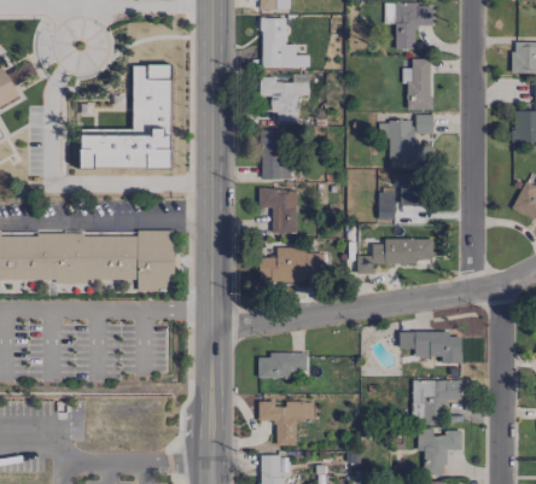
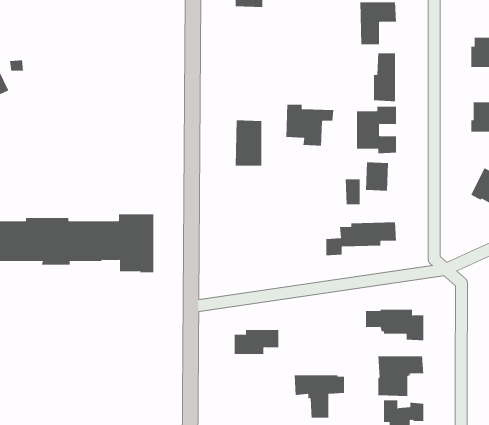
building: [261,18,308,66] -> none
building: [81,65,170,168] -> none
building: [257,77,309,122] -> [285,104,334,146]
building: [257,188,296,233] -> none
building: [258,249,322,282] -> none
building: [258,401,313,447] -> [294,375,345,418]

